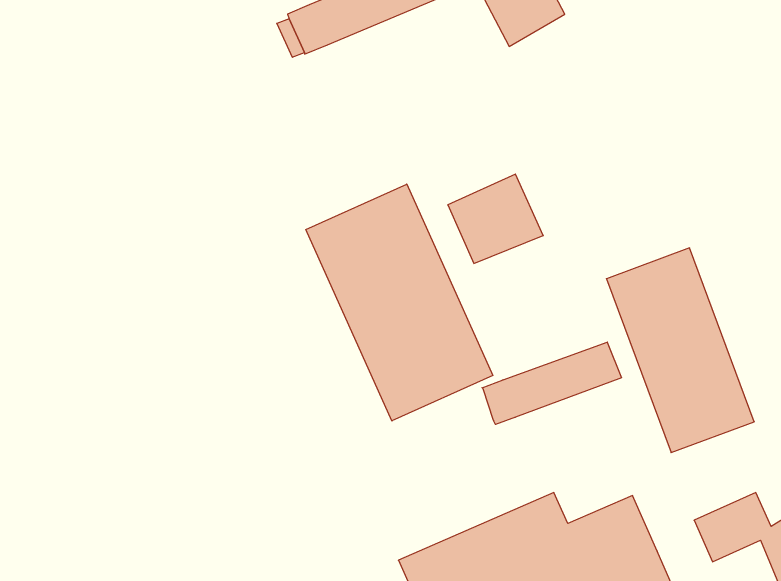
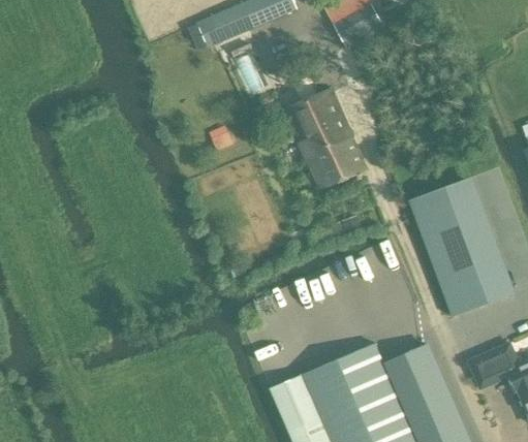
building: none -> [286,90,349,150]
building: [306,184,493,421] -> none
building: [482,342,622,424] -> none

